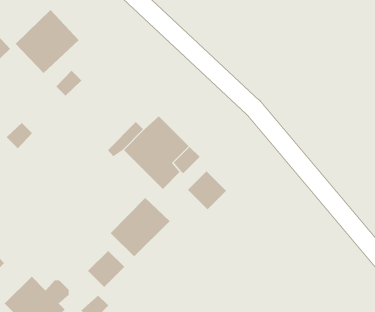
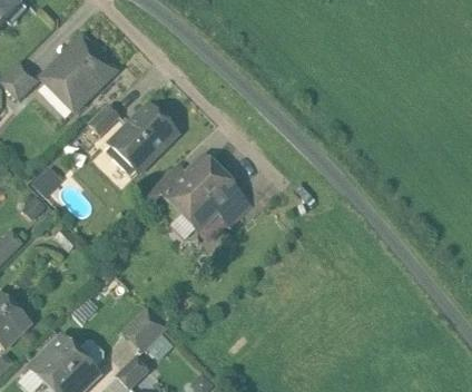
building: none -> [109,105,176,171]
building: [187,171,227,210] -> none
building: [110,197,170,257] -> none

